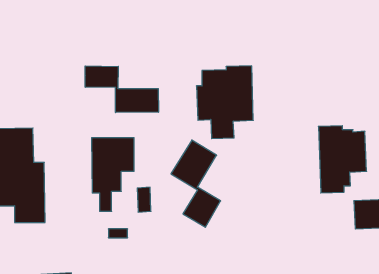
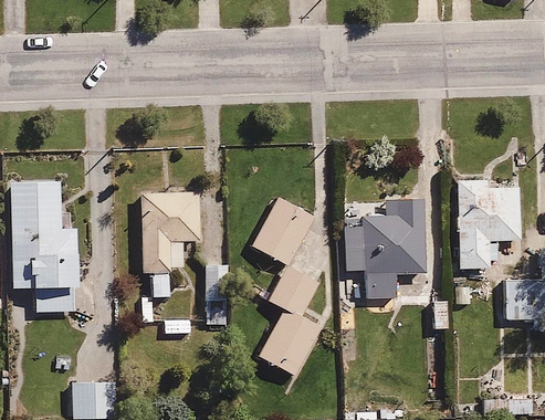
building: [85,66,158,113] -> none
building: [196,66,253,139] -> [345,198,423,298]
building: none -> [258,309,321,376]

